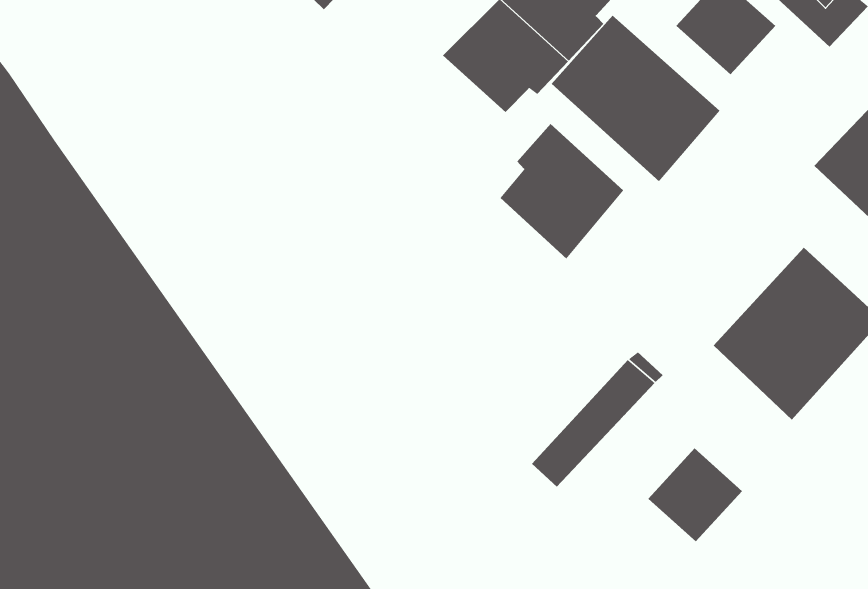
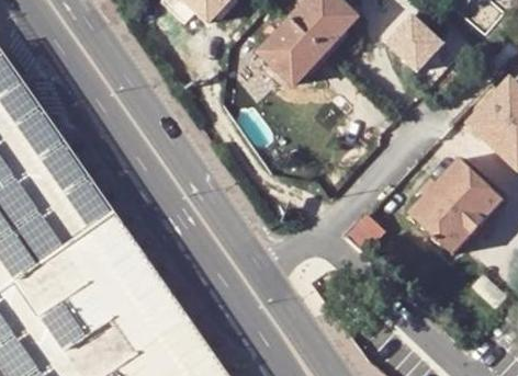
building: [551,15,720,182] -> none
building: [500,123,624,259] -> none
building: [647,448,743,542] -> none

